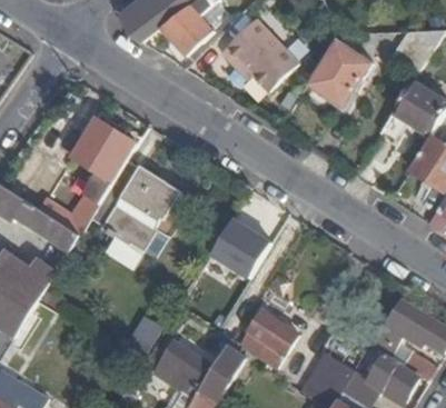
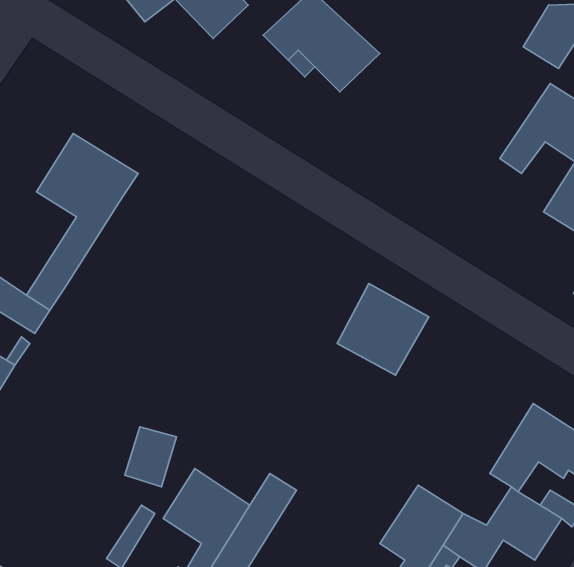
building: [309,41,370,106] -> none
building: [89,160,180,250] -> none
building: [212,212,274,273] -> [337,284,429,375]
building: [241,310,296,362] -> none

